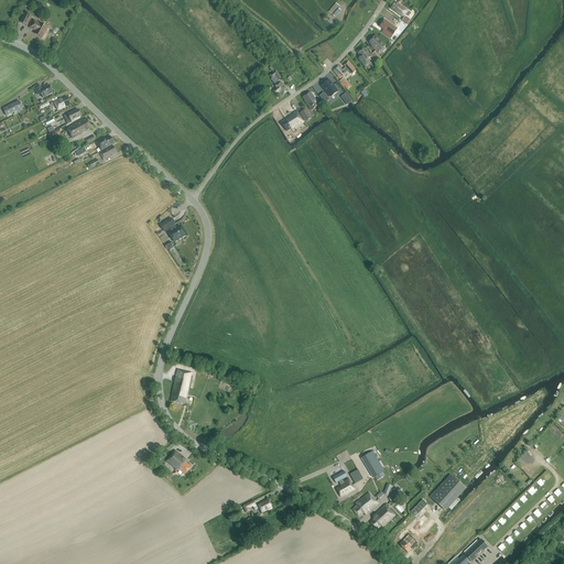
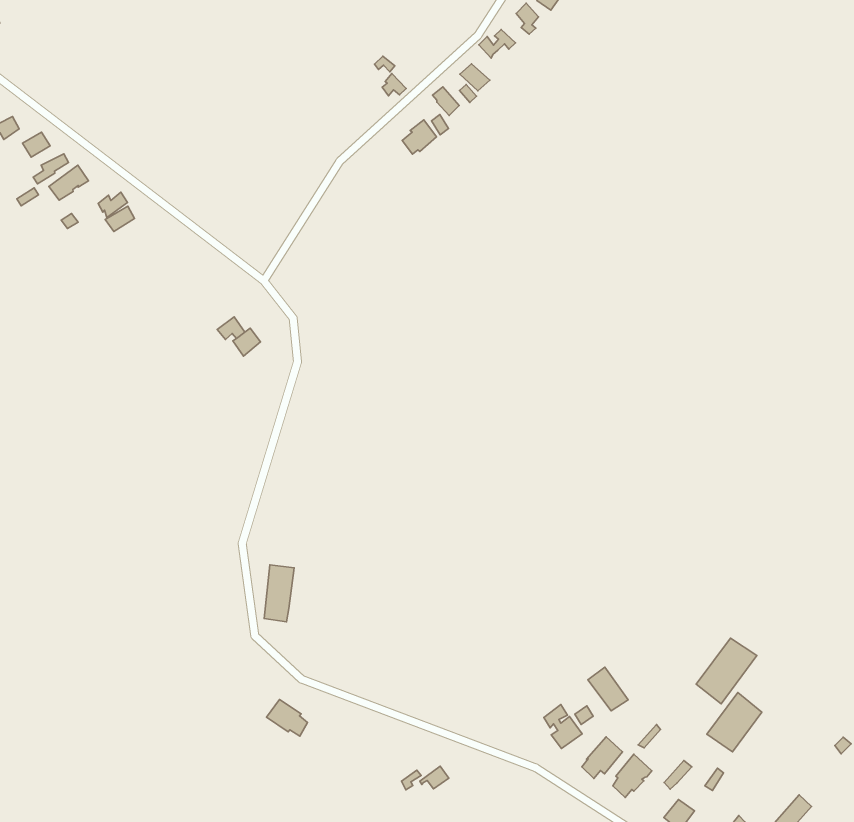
building: none -> [696,638,757,704]

